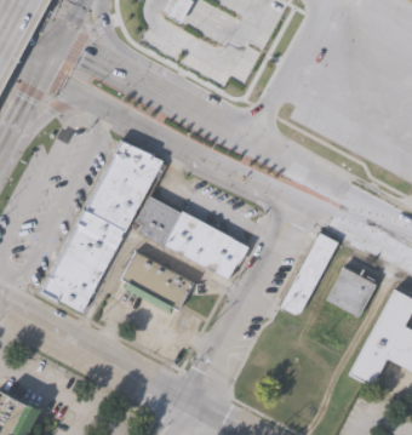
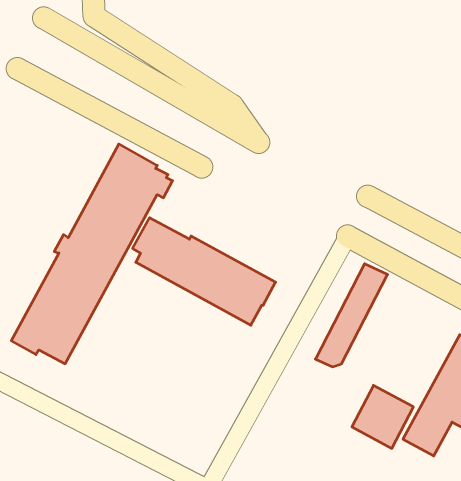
building: [124,252,194,313] -> none
building: [327,265,376,315] -> [352,385,413,448]

